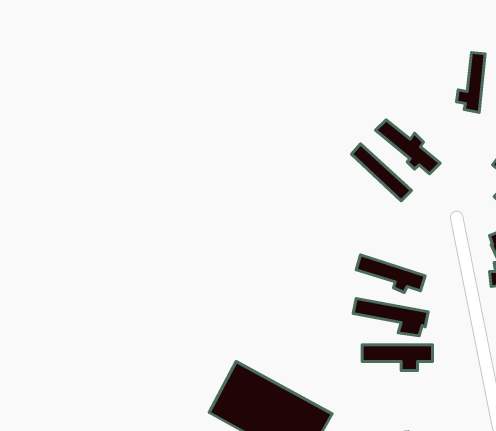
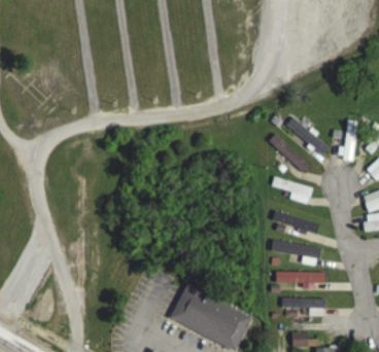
building: [457,52,485,112] -> [338,120,357,162]
building: none -> [272,176,312,204]
building: none -> [281,298,324,316]

